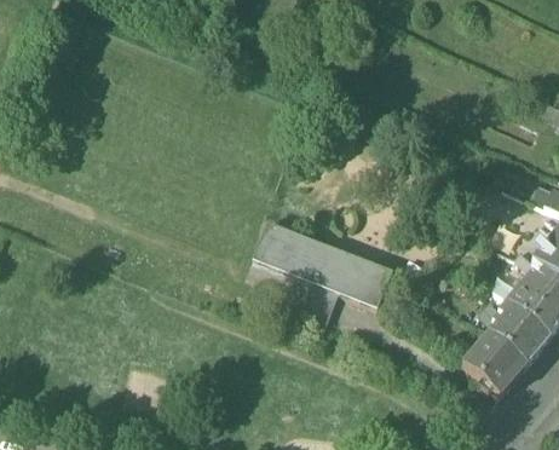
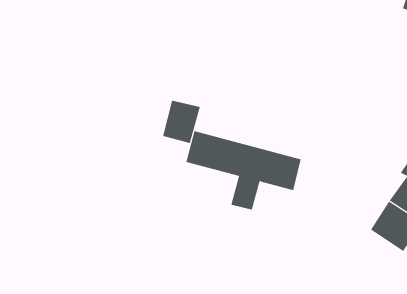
building: none -> [162,100,200,144]

